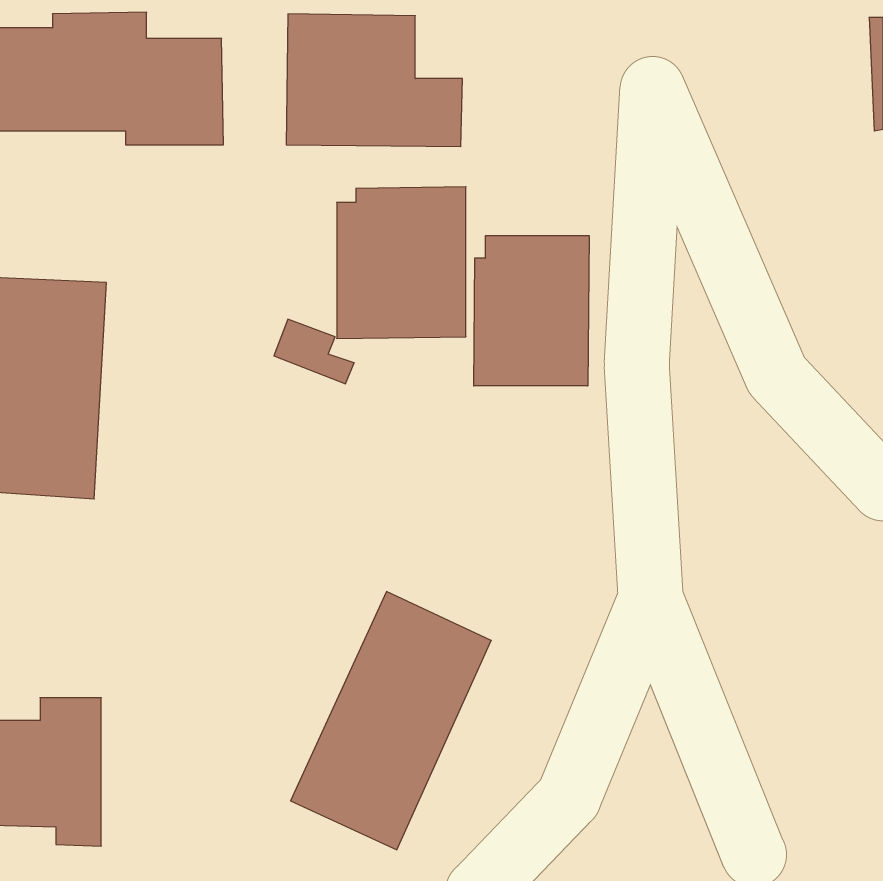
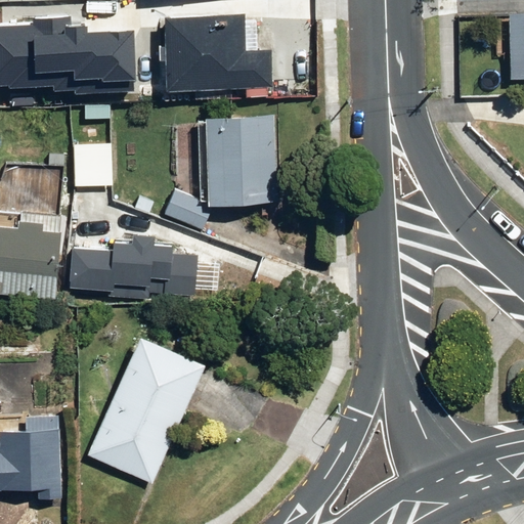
building: [474,236,589,386] -> none
building: none -> [70,233,191,299]
building: [291,592,491,850] -> [88,333,206,484]

